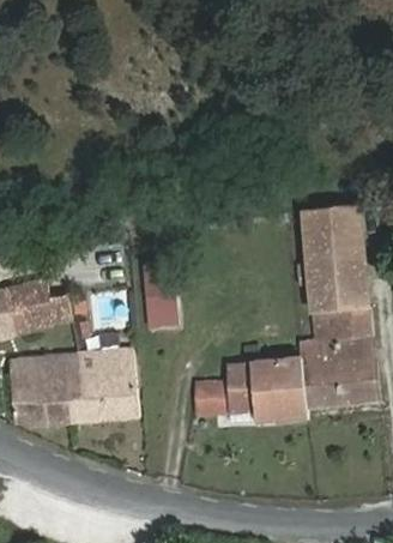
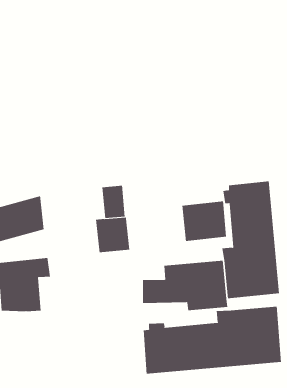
building: [303,206,362,259] -> [181,201,227,241]
building: [62,348,139,422] -> none
building: none -> [143,306,281,375]

